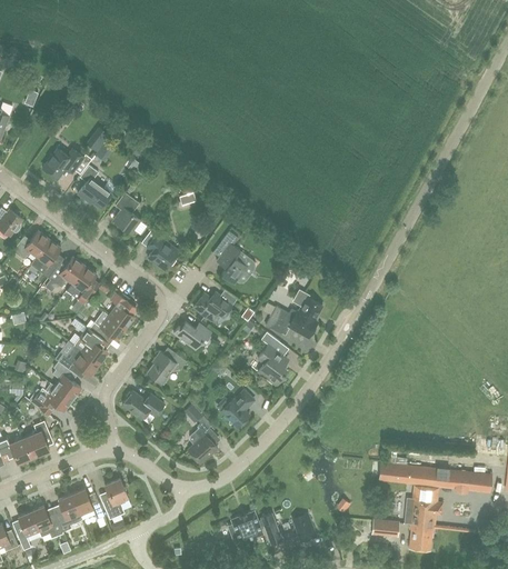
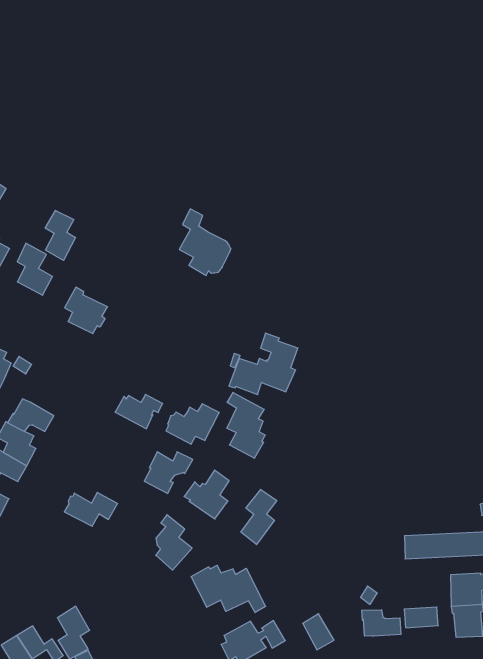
building: none -> [45,210,76,260]
building: [215,231,255,284] -> [179,209,231,275]
building: [192,290,236,320] -> [166,404,219,444]
building: [108,291,137,329] -> none
building: [146,351,186,385] -> [144,452,193,493]
building: none -> [241,489,277,545]
building: none -> [191,565,266,613]
building: none -> [362,610,401,636]

